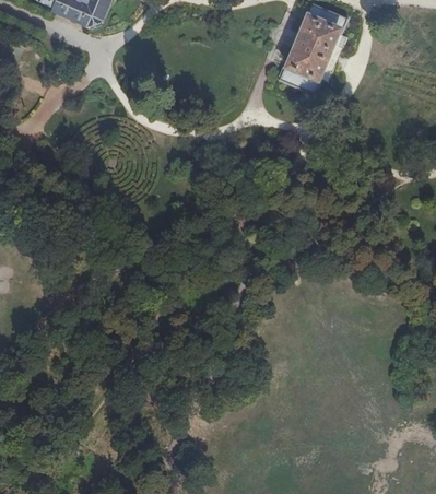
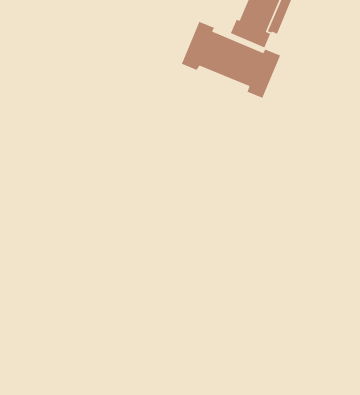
building: none -> [181,21,281,99]

